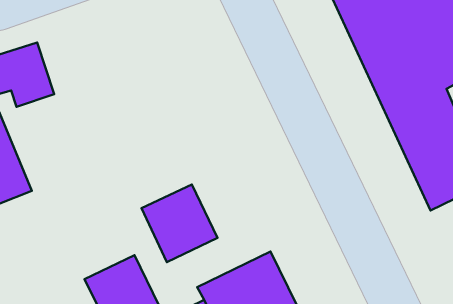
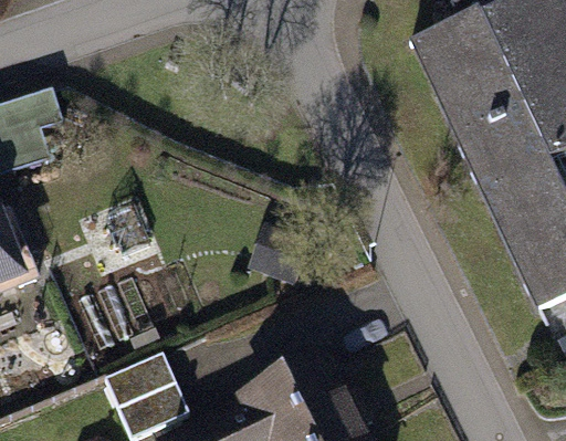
building: [142,185,218,262] -> none

